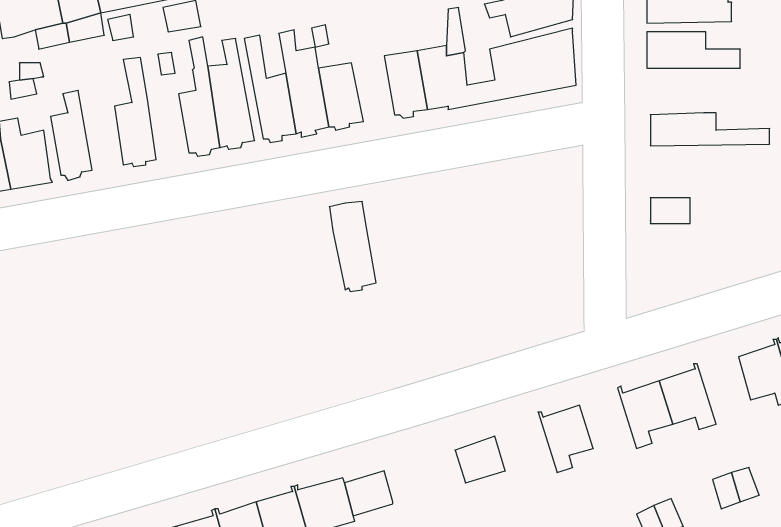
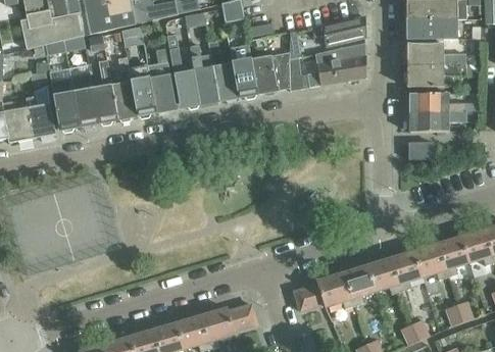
building: none -> [407,65,462,88]
building: none -> [71,76,98,128]
building: none -> [112,81,137,120]
building: none -> [409,110,480,131]
building: [329,202,376,291] -> [231,45,258,98]
building: none -> [437,236,468,275]
building: none -> [367,254,401,293]
building: none -> [316,268,354,307]

